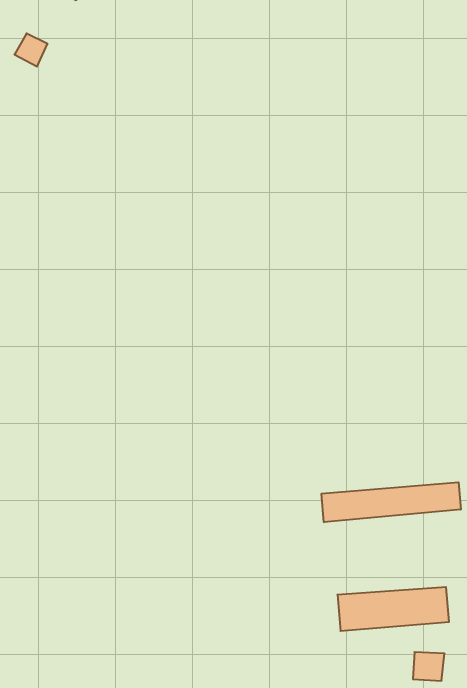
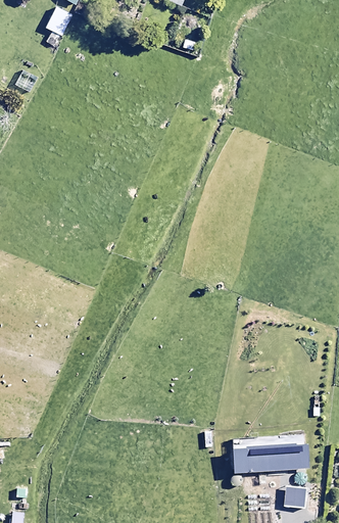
building: [322,482,461,522] -> none

